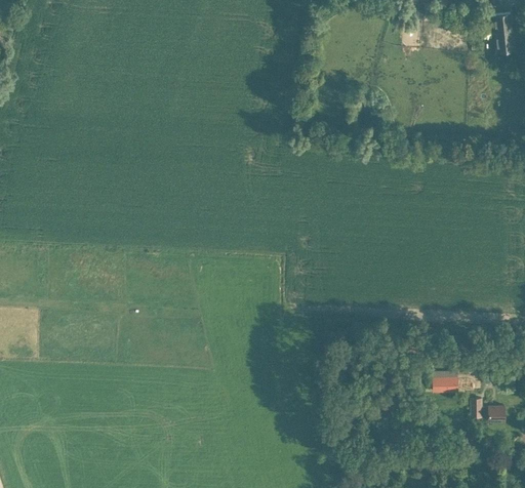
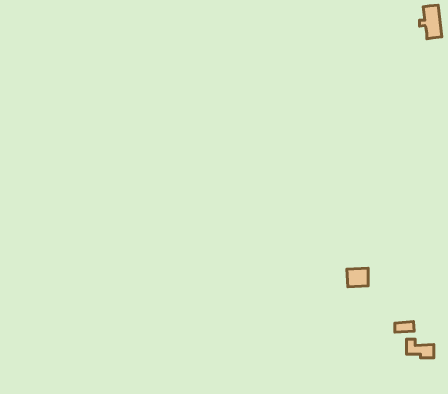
building: [434,371,458,393] -> [347,268,368,287]

